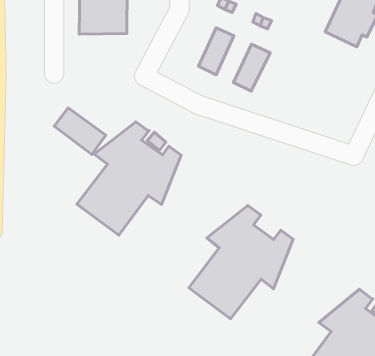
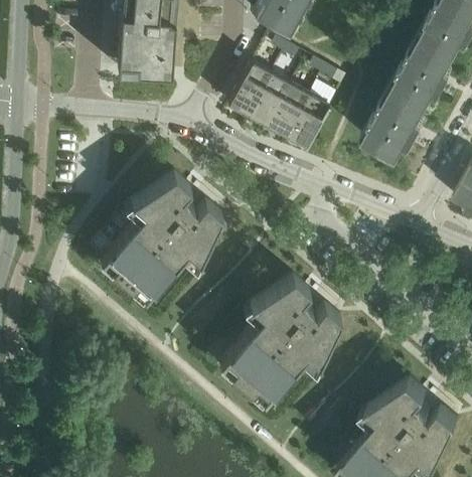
building: none -> [227,61,271,114]
building: none -> [364,86,427,156]
building: none -> [267,83,309,135]
building: [54,108,106,154] -> none

